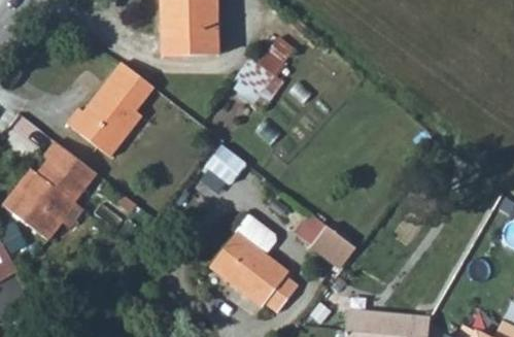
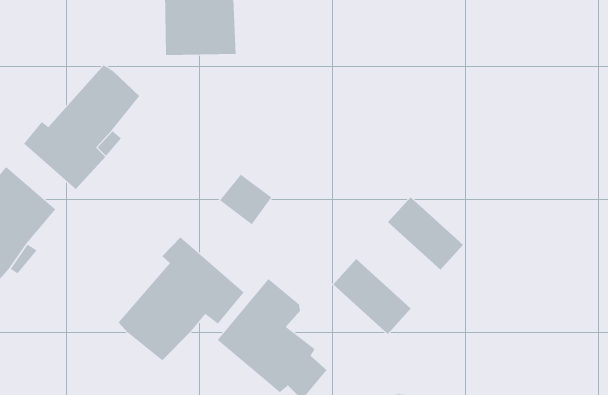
building: [237,33,300,105] -> none
building: none -> [387,197,464,271]
building: none -> [118,237,245,361]

